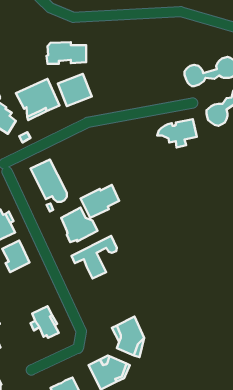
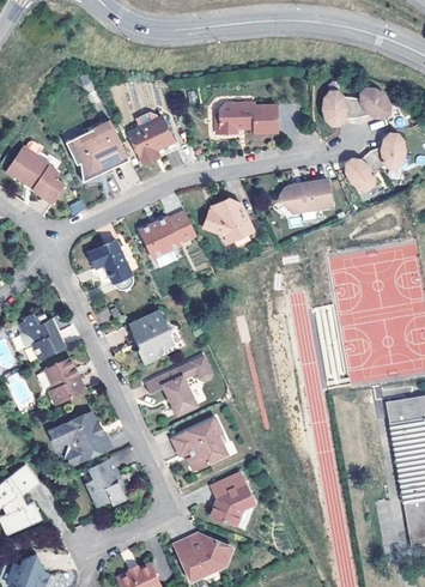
building: [47,42,86,64] -> [219,99,278,132]
building: none -> [199,198,249,238]
building: [80,185,119,218] -> [136,210,194,259]
building: none -> [50,409,109,464]
building: none -> [170,417,224,470]

